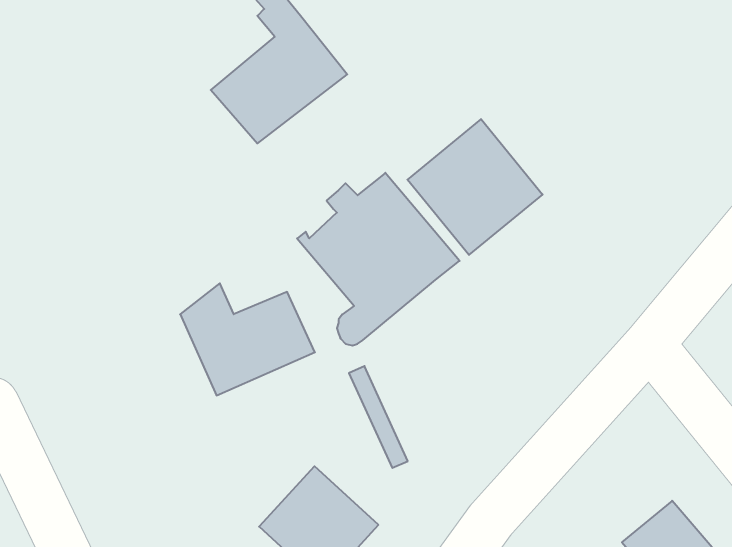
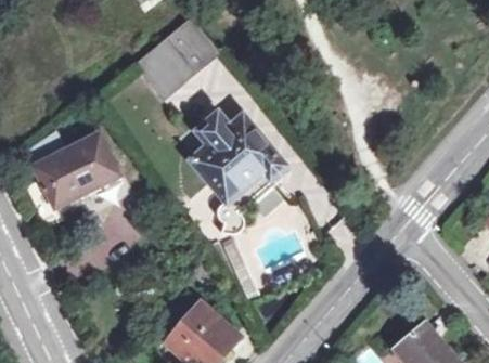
building: [407,119,543,255] -> none
building: [180,283,315,395] -> [31,130,116,200]

